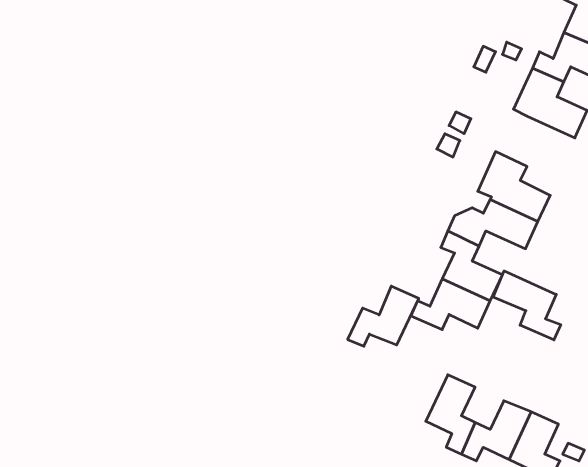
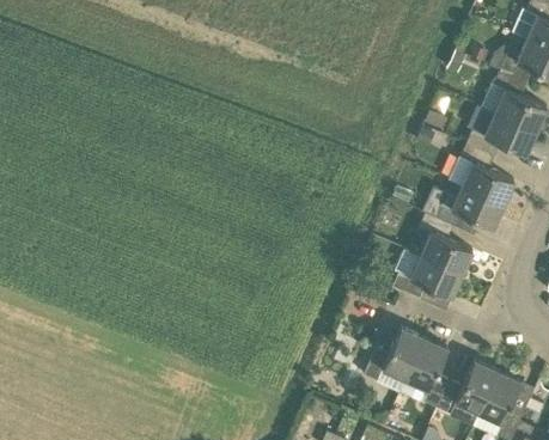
building: none -> [466,112,536,157]
building: [493,271,561,340] -> none
building: [348,286,419,346] -> [362,328,425,380]

